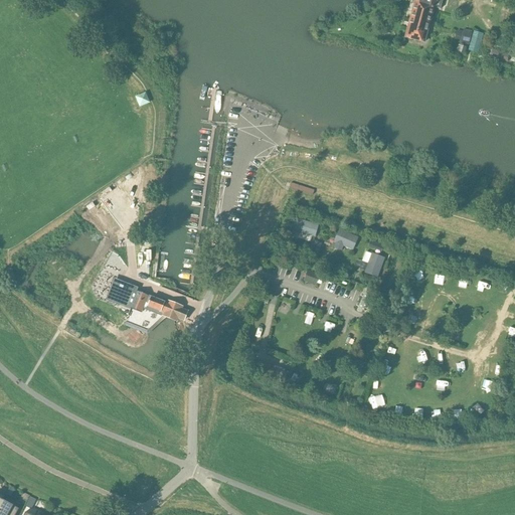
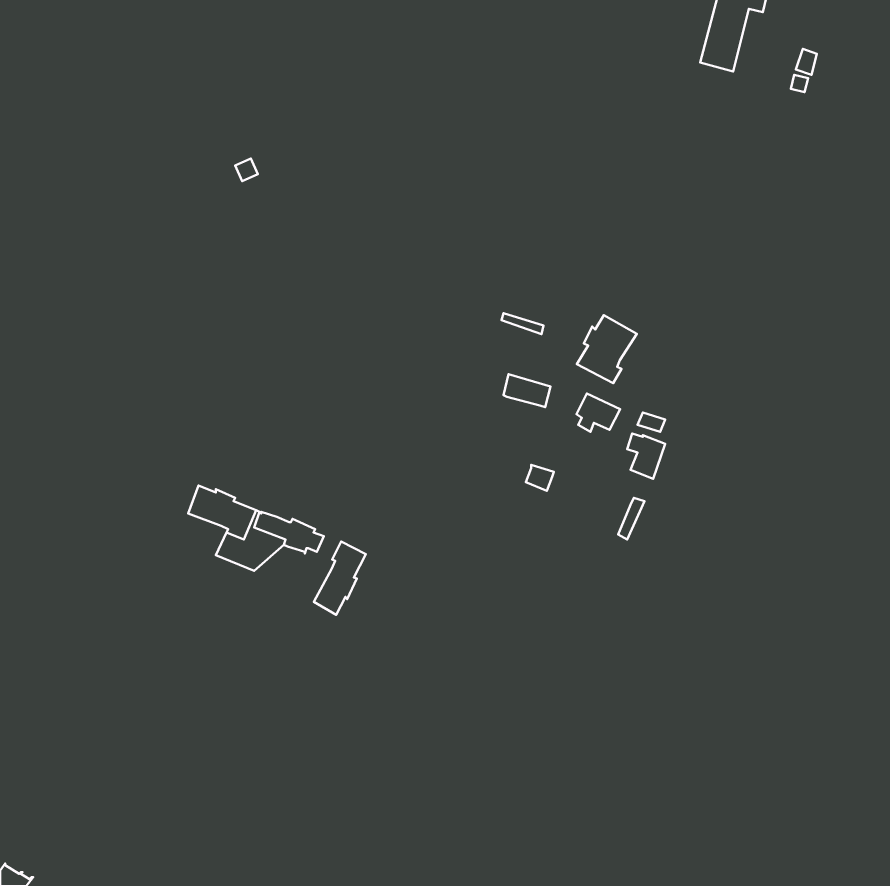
building: none -> [577,315,637,383]
building: none -> [314,542,366,615]

